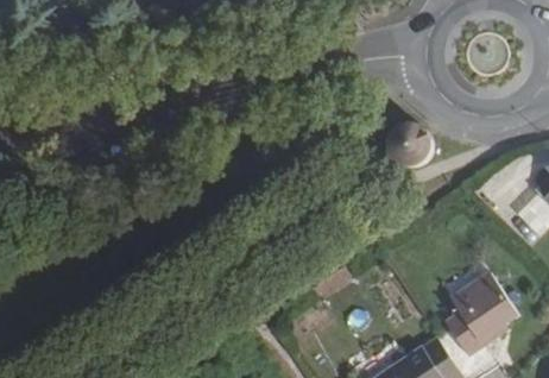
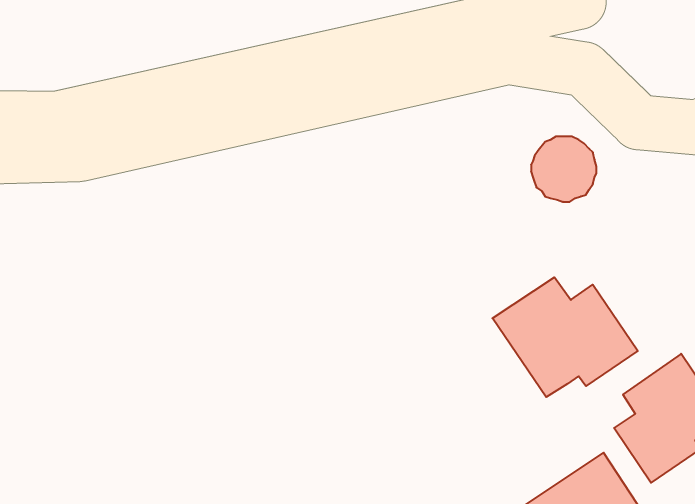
building: none -> [492,277,638,397]

